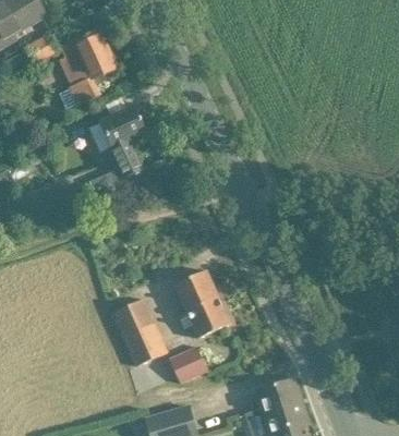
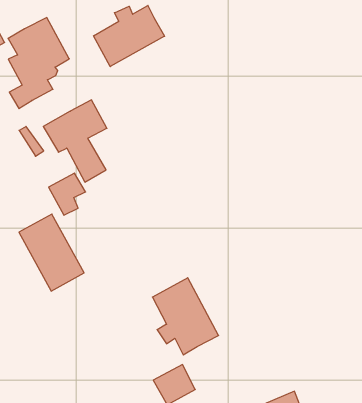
building: none -> [94,5,165,67]
building: [111,302,167,371] -> [19,214,84,291]

